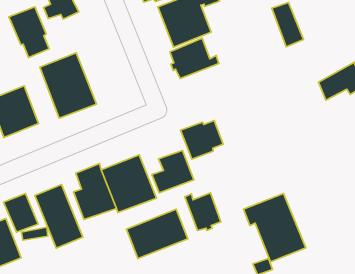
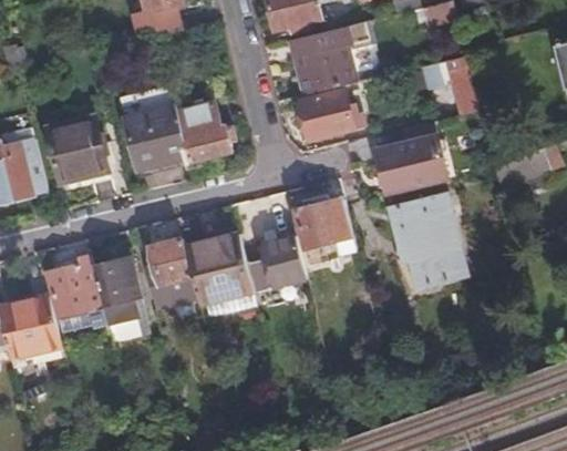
building: [9,7,49,57] -> none
building: none -> [377,121,449,193]
building: none -> [179,102,231,160]
building: [185,193,221,231] -> none
building: [243,194,306,262] -> [389,193,465,281]
building: [126,209,188,259] -> none

